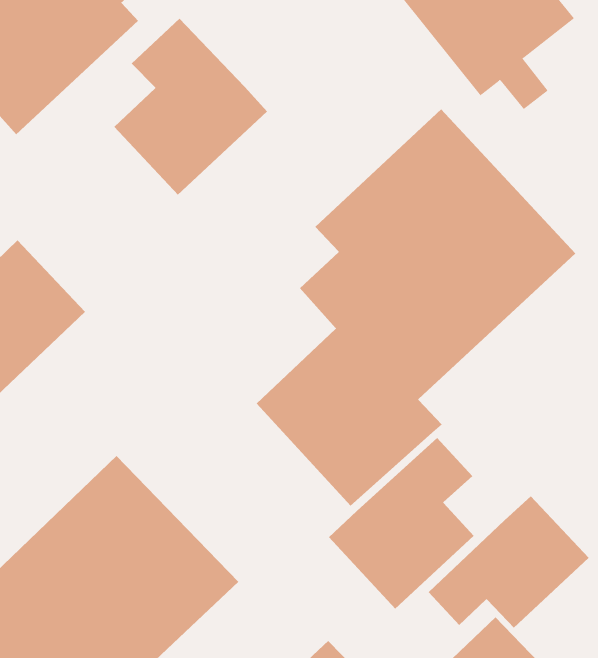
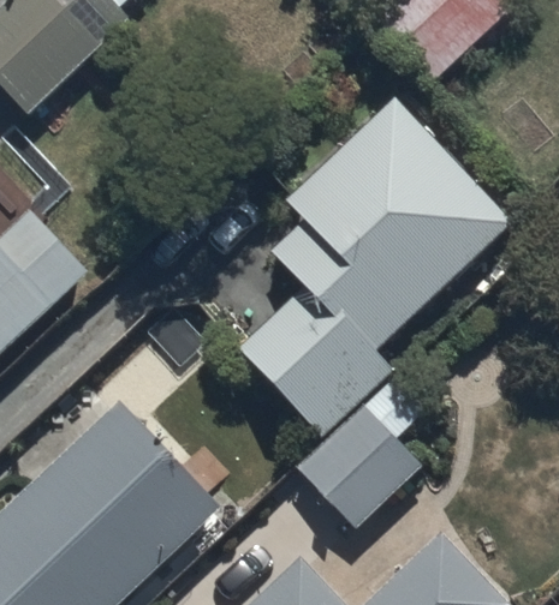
building: [114,18,268,196] -> none
building: [428,495,590,628] -> none

